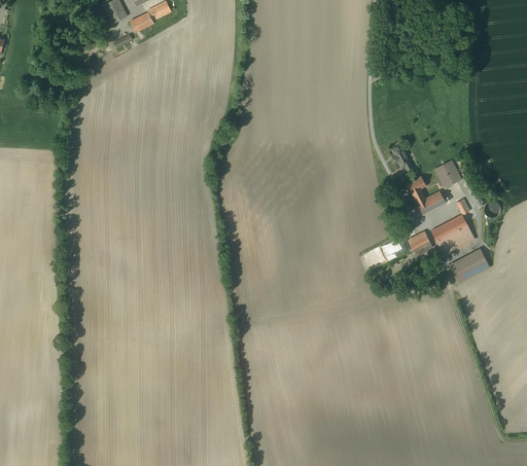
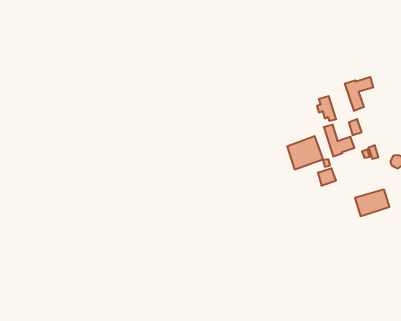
building: none -> [345,77,373,111]
building: [430,213,475,255] -> [287,136,323,169]

